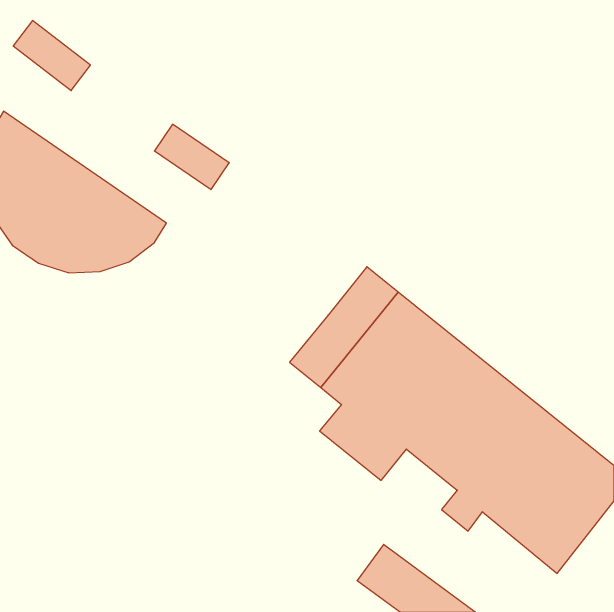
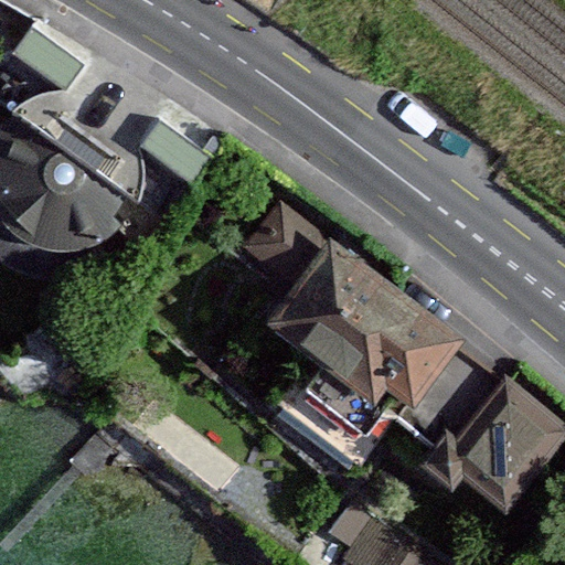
building: none -> [248,203,335,288]

